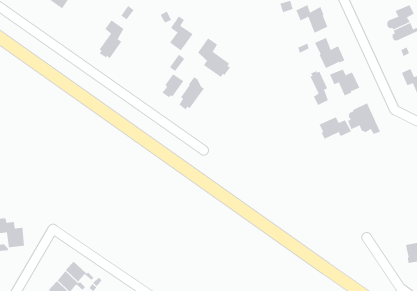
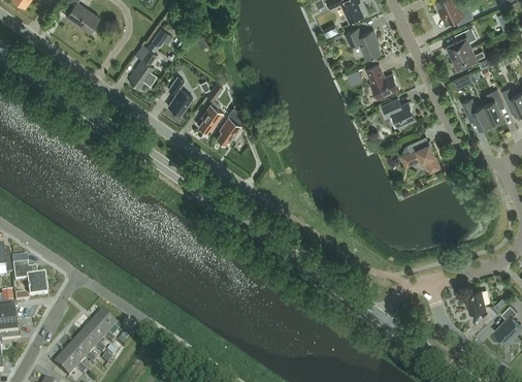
building: [169,16,193,51] -> [166,76,193,116]
building: [197,37,231,78] -> none
building: [310,70,329,106] -> none
building: [319,116,352,140] -> none

